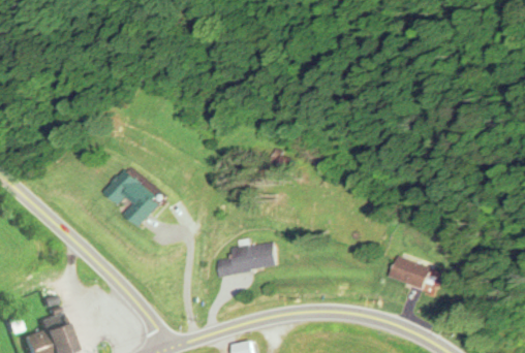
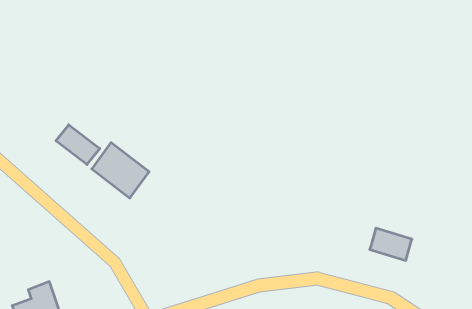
building: none -> [56,125,100,165]
building: [217,242,276,276] -> none

